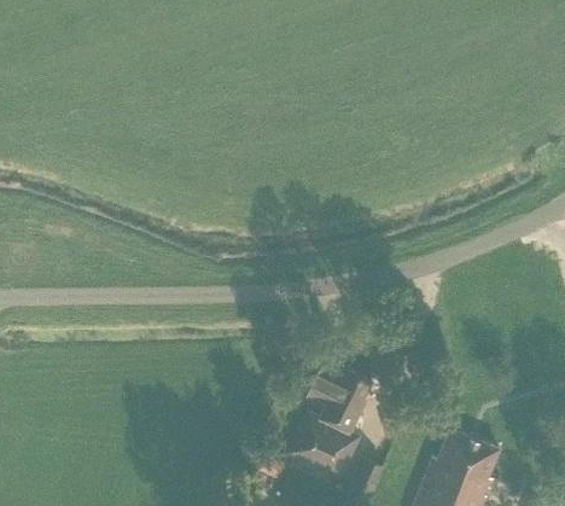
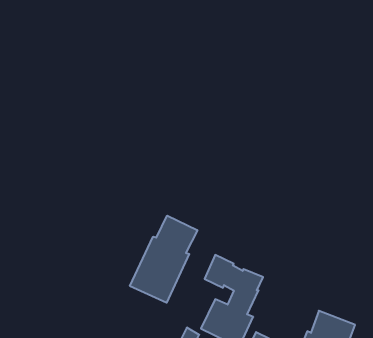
building: none -> [130,216,197,303]

